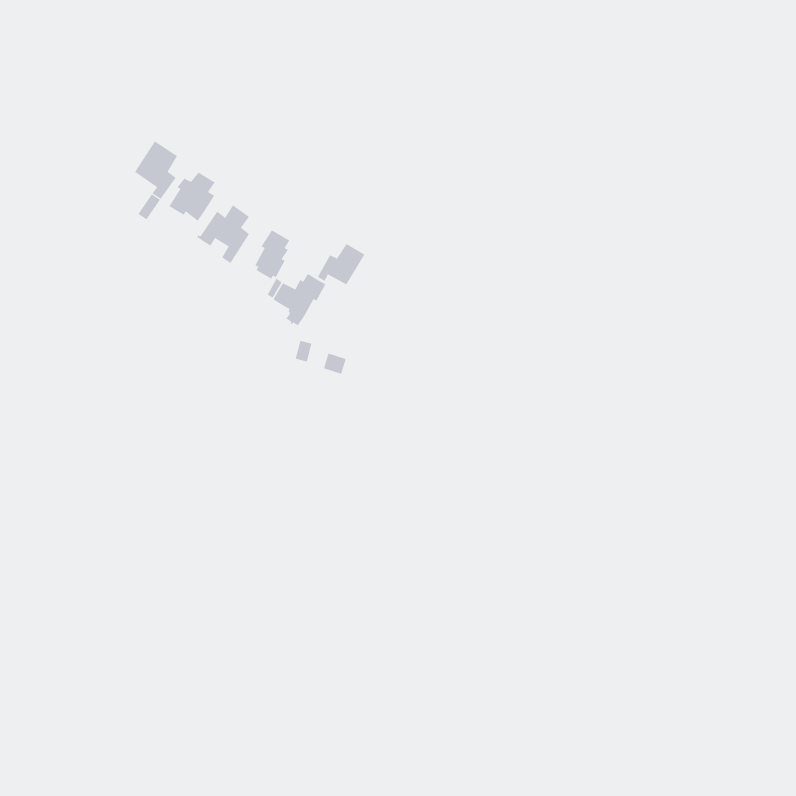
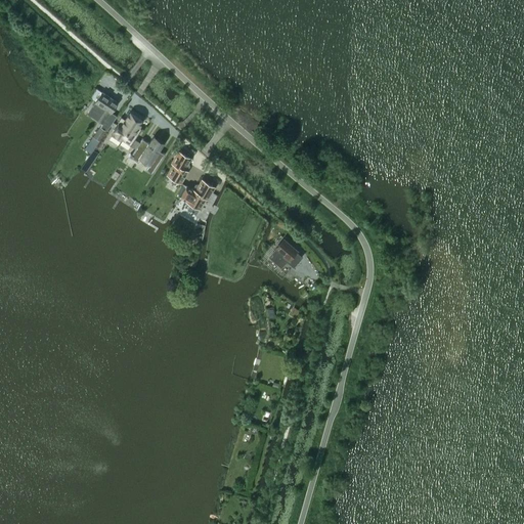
building: [317,243,365,285] -> none
building: none -> [269,241,303,268]

